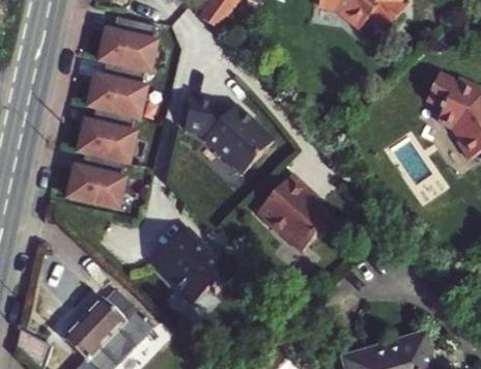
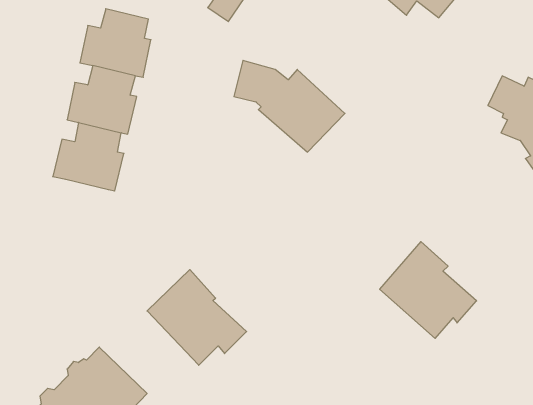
building: [183,101,273,174] -> [234,60,345,152]
building: [65,153,122,208] -> none
building: [258,174,336,252] -> [380,242,477,338]

